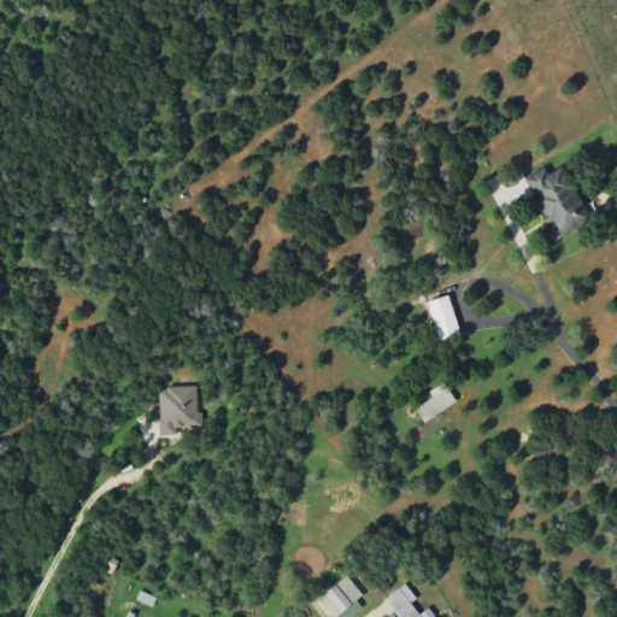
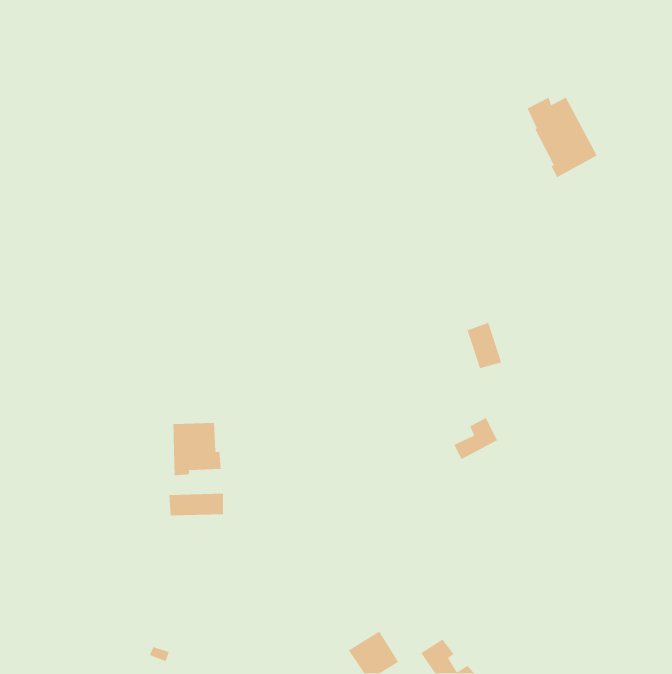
building: [525,166,590,241] -> [527,96,598,178]
building: none -> [168,493,224,516]

